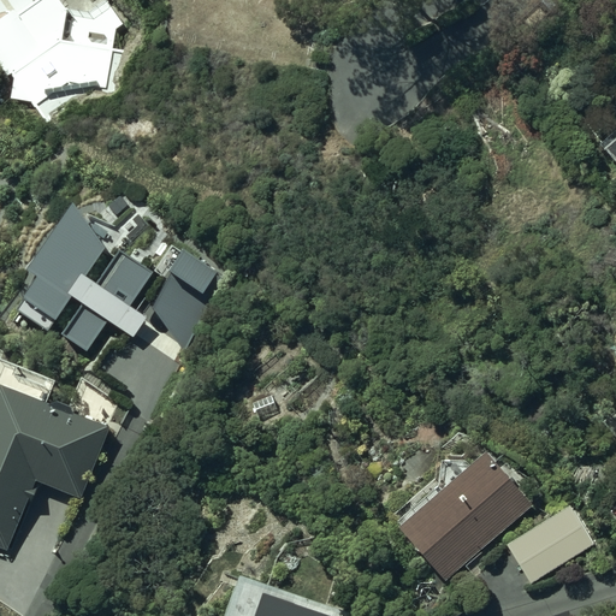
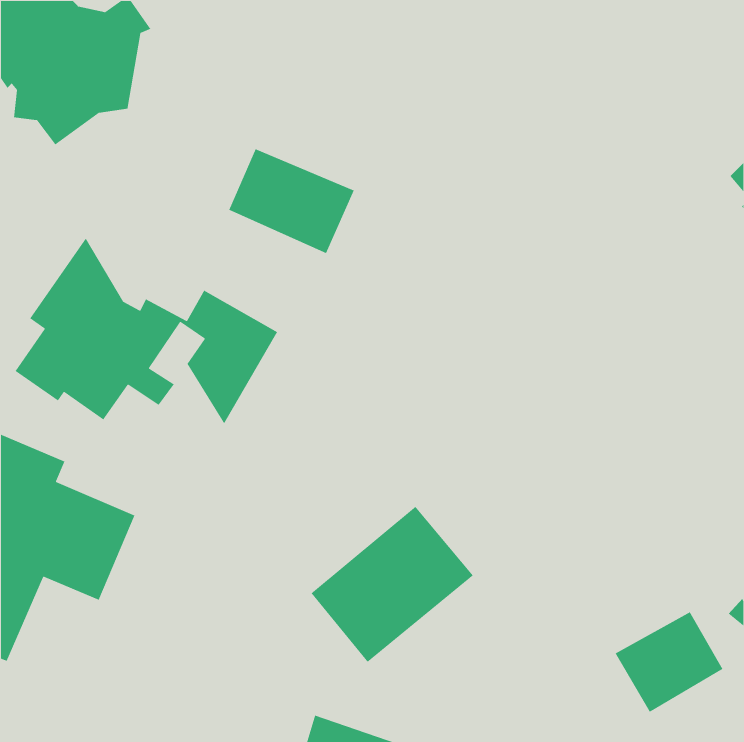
building: none -> [228,148,355,254]
building: [397,449,532,579] -> [311,506,474,663]

